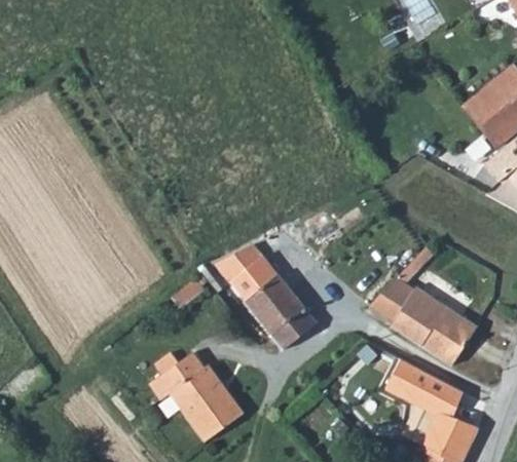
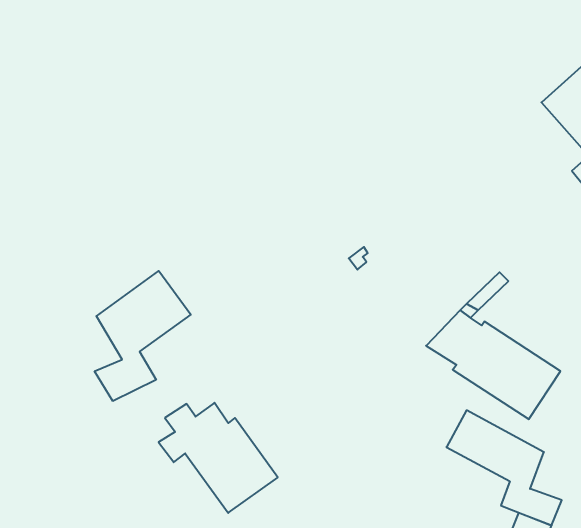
building: [213,244,316,350] -> none
building: none -> [95,271,191,401]

